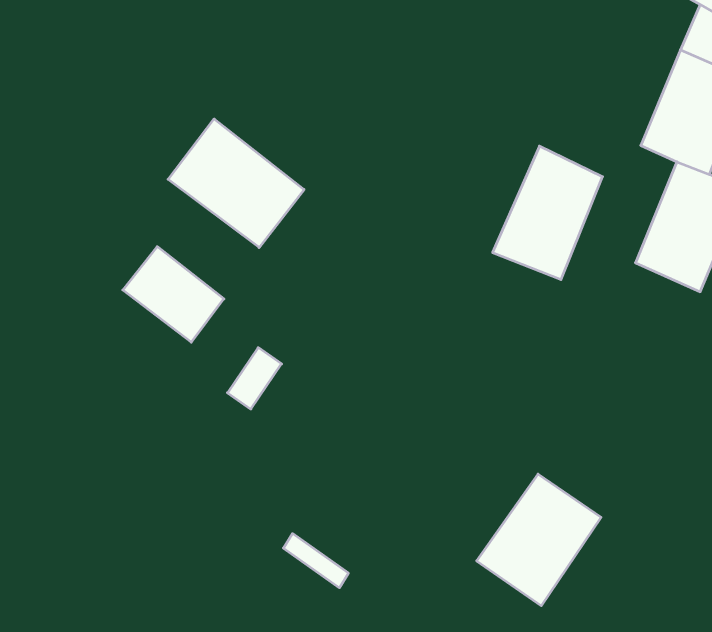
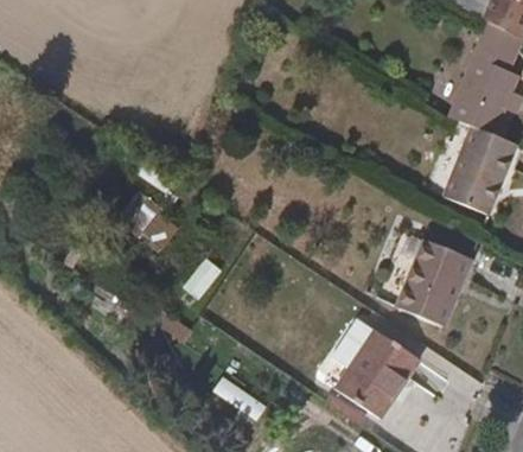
building: [168,119,304,248] -> none
building: [493,146,603,280] -> [397,240,470,327]

